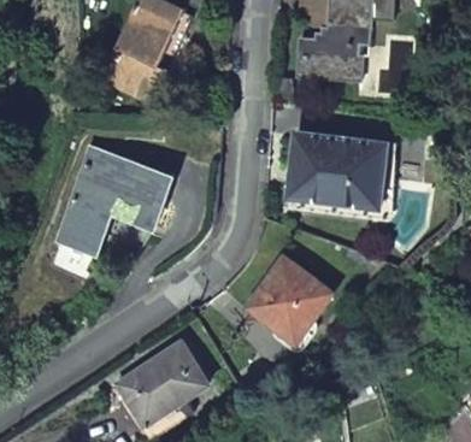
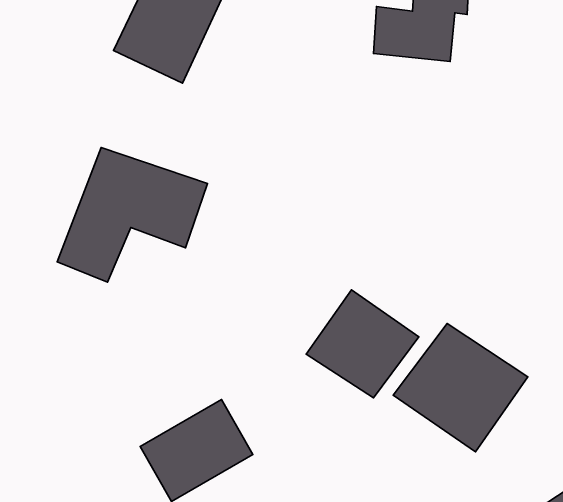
building: [292,130,393,205] -> none
building: none -> [393,324,528,452]

